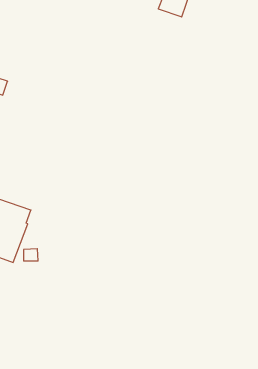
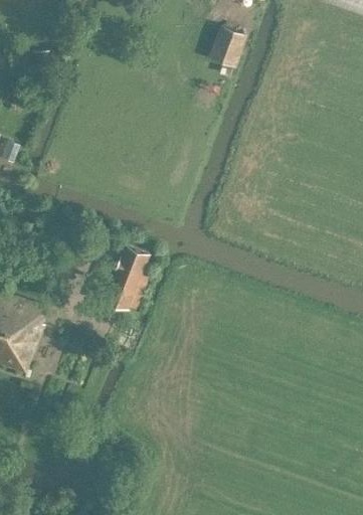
building: none -> [102,247,149,313]

